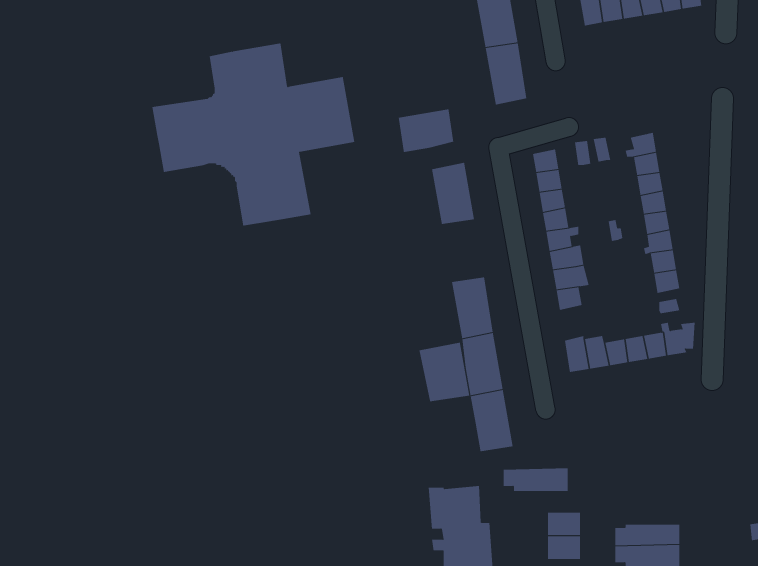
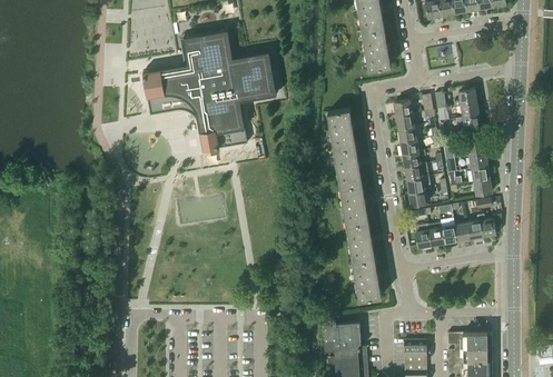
building: [398,108,454,153] -> none
building: none -> [334,147,363,188]
building: [419,342,470,402] -> none
building: [503,468,569,491] -> [448,333,492,348]

